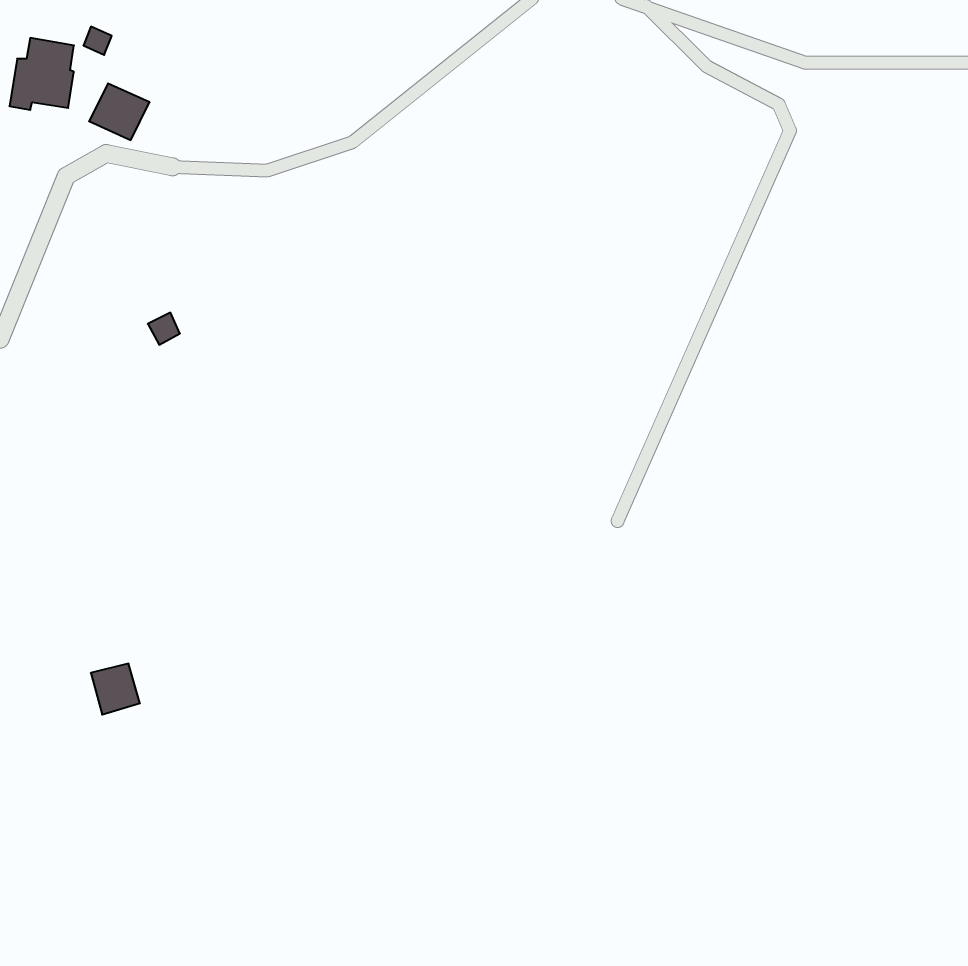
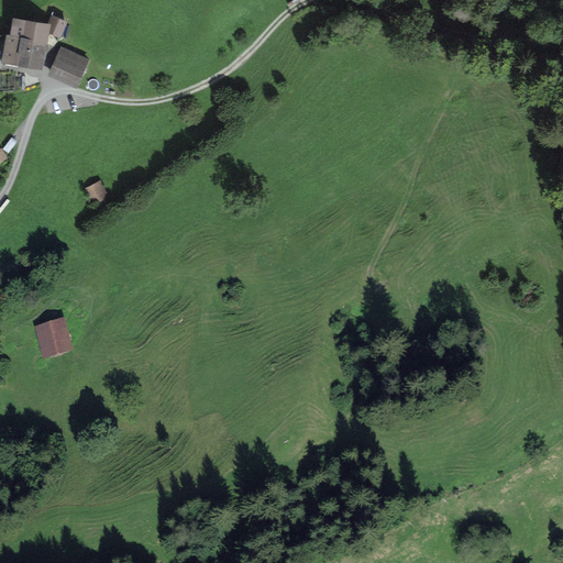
building: [91,664,140,715] -> [41,323,69,353]

